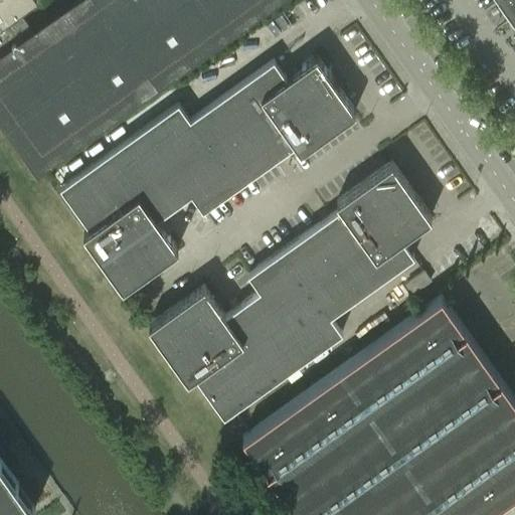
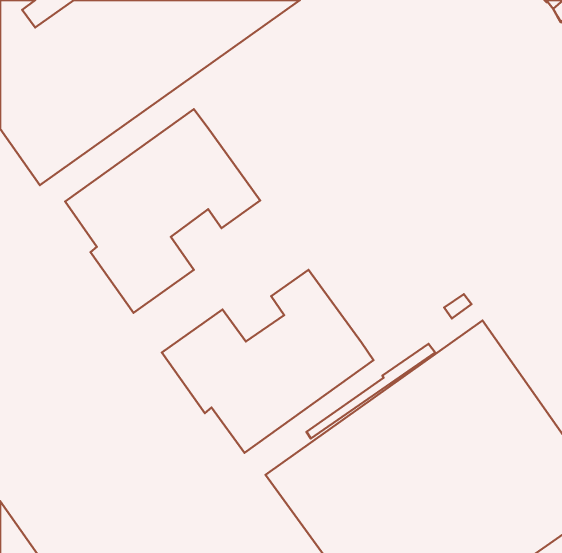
building: [190,62,356,192] -> none
building: [283,168,432,322] -> none

